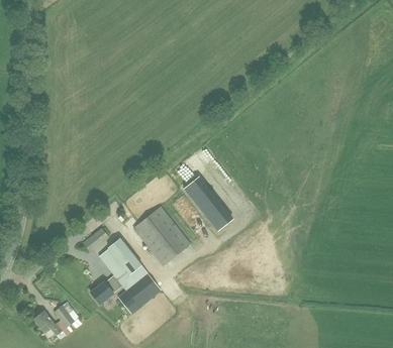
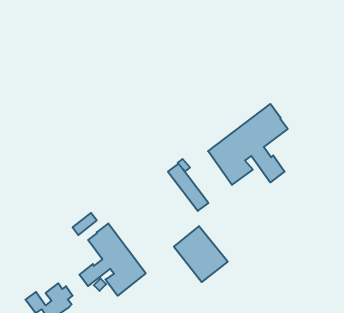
building: none -> [208,104,288,185]
building: [133,206,190,264] -> [174,226,228,282]

